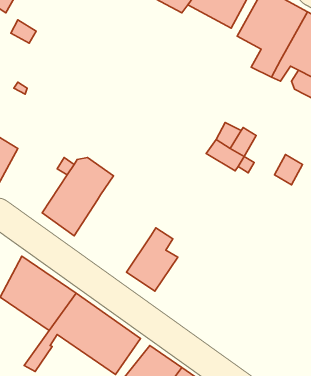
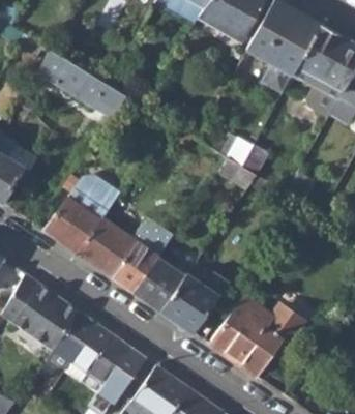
building: none -> [34,49,121,114]
building: none -> [80,217,158,292]
building: none -> [162,274,220,333]
building: none -> [209,297,301,377]

